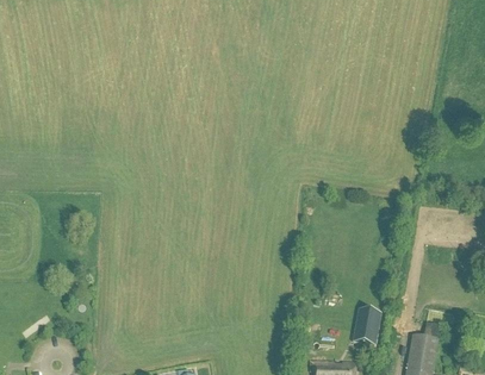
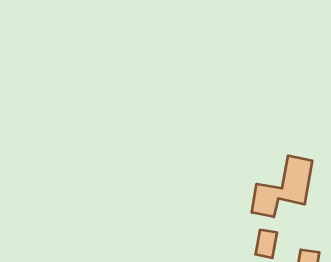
building: none -> [252,156,312,217]

